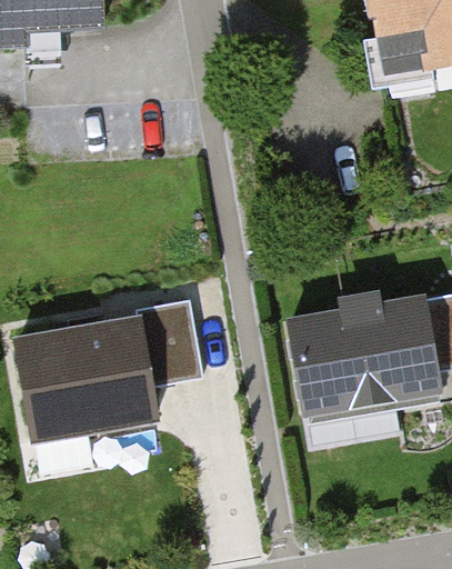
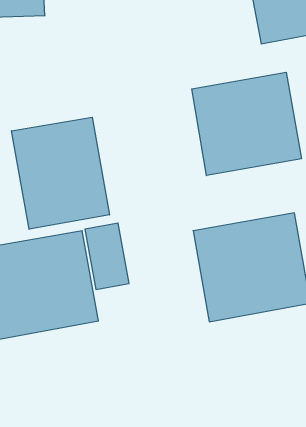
building: none -> [192,72,301,176]
building: none -> [12,117,109,229]

